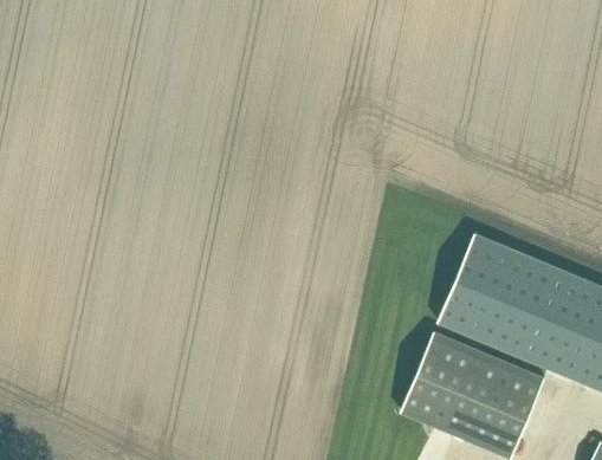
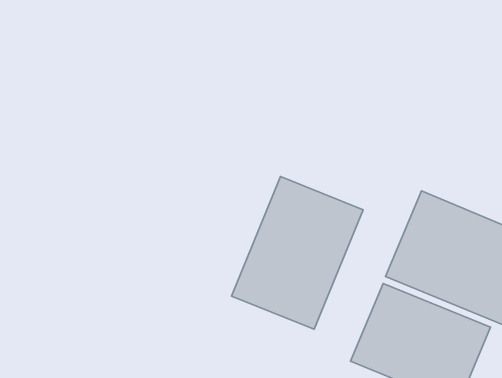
building: none -> [231,177,363,329]

